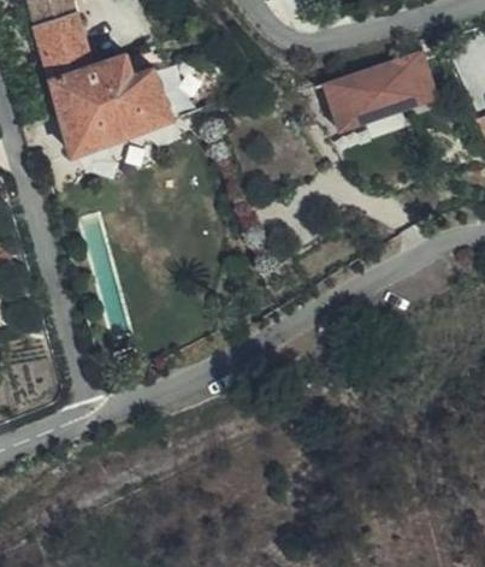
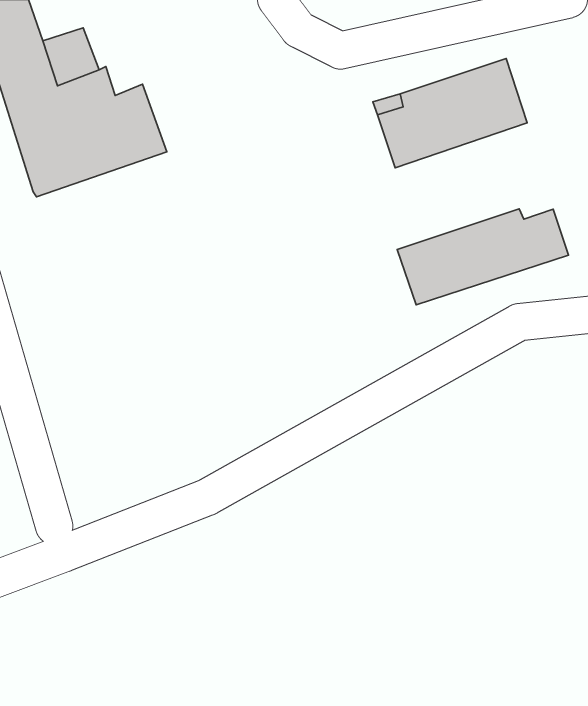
building: none -> [397,209,568,305]

